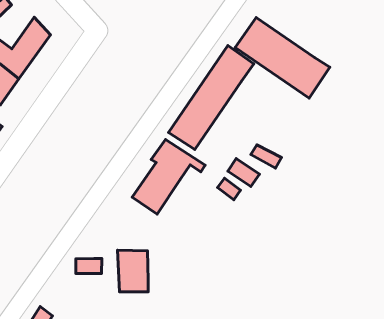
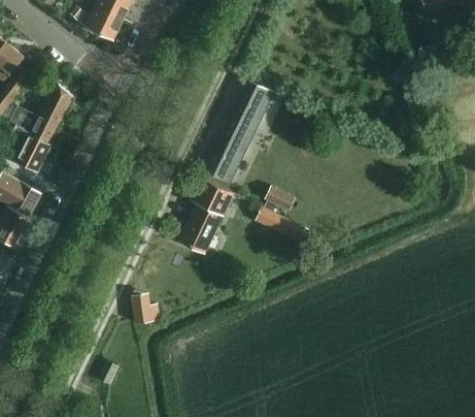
building: [235,18,330,98] -> none
building: [117,250,148,292] -> none

